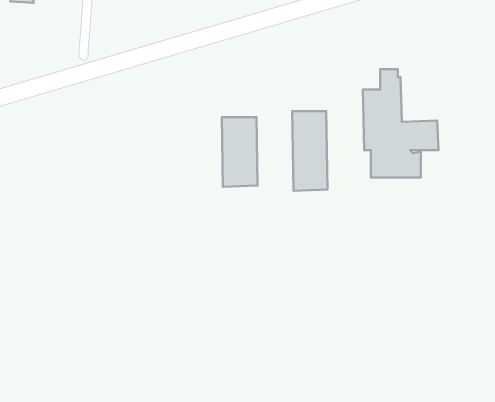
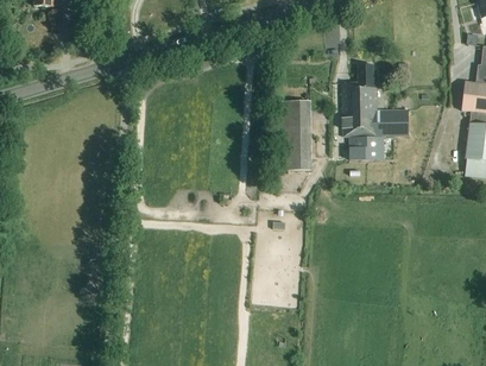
building: [222,117,258,187] -> none

